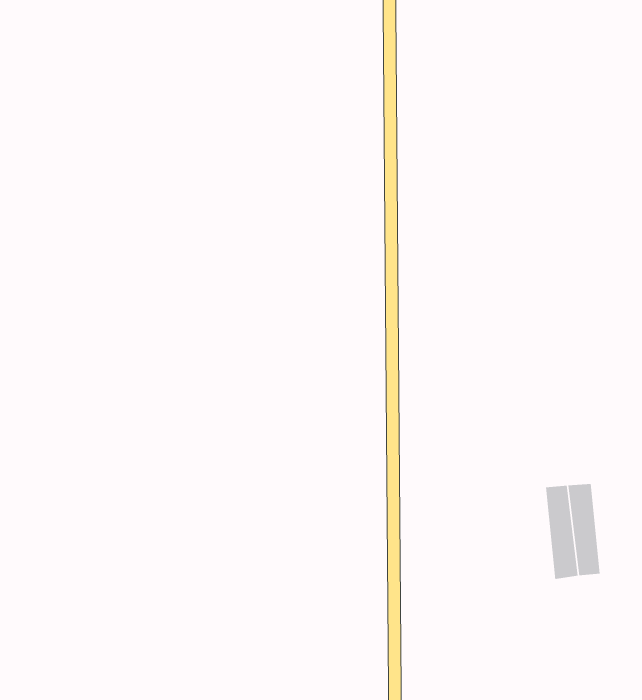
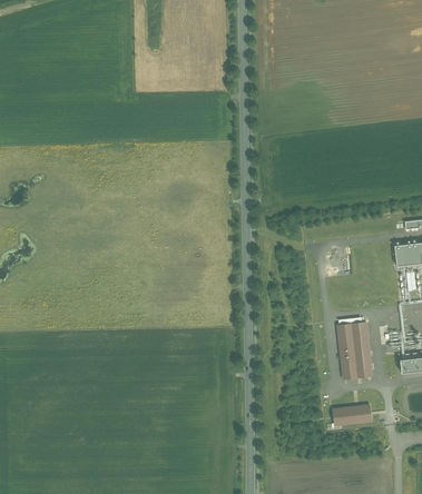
building: none -> [333,405,372,425]

